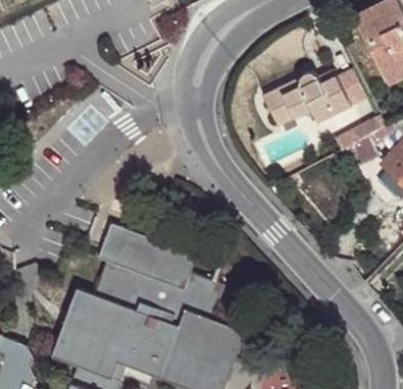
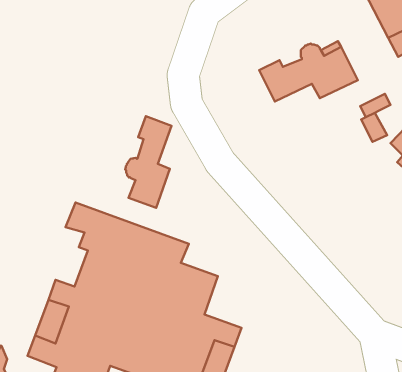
building: none -> [125,116,172,208]

